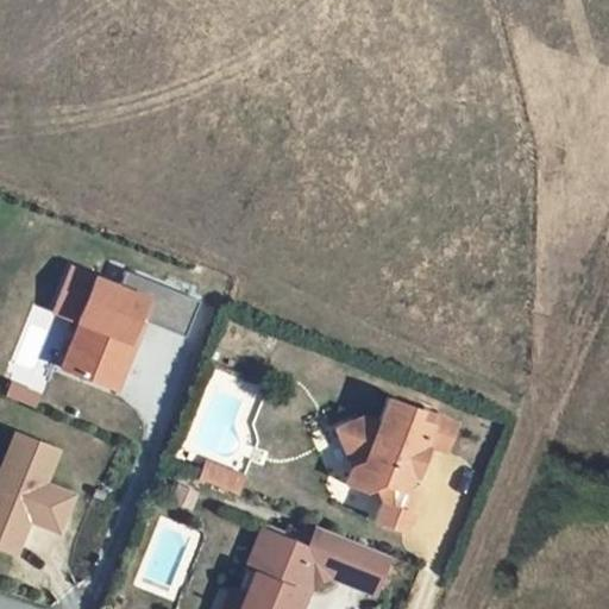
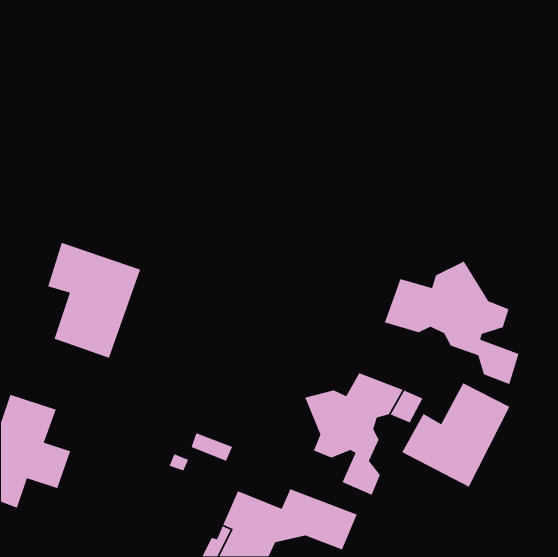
building: none -> [384,260,519,385]
building: none -> [401,382,510,488]

